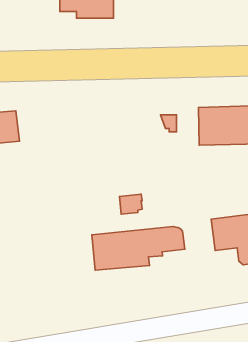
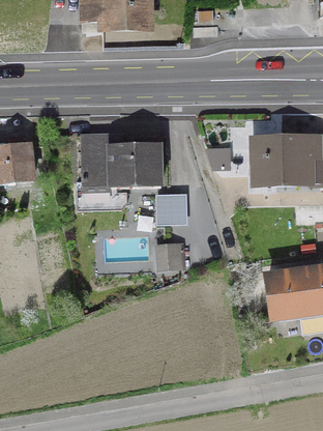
building: none -> [81,134,160,188]
building: none -> [164,193,192,223]
building: [92,227,185,270] -> none

